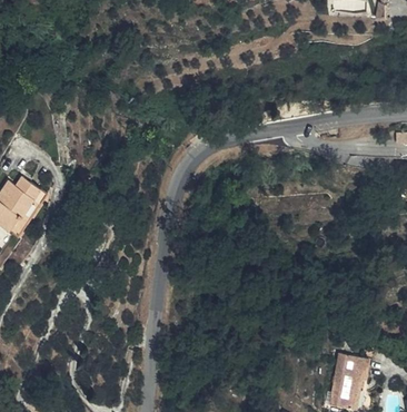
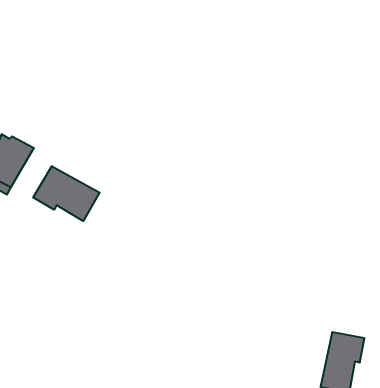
building: none -> [33,166,100,221]

